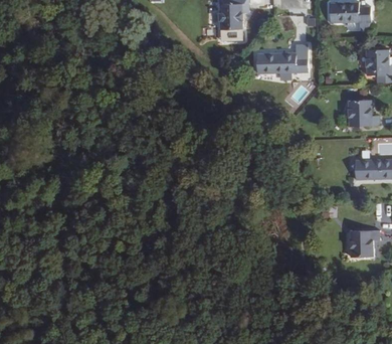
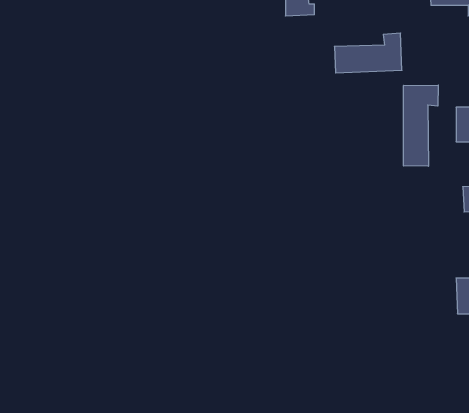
building: none -> [404,85,438,166]

